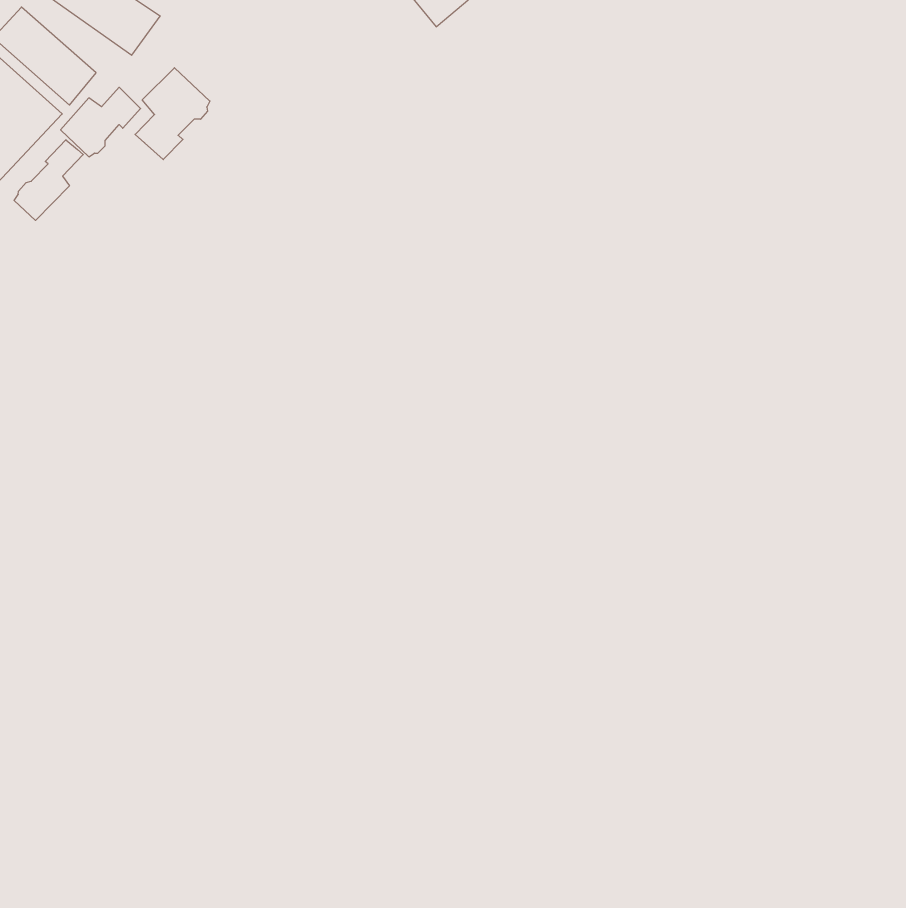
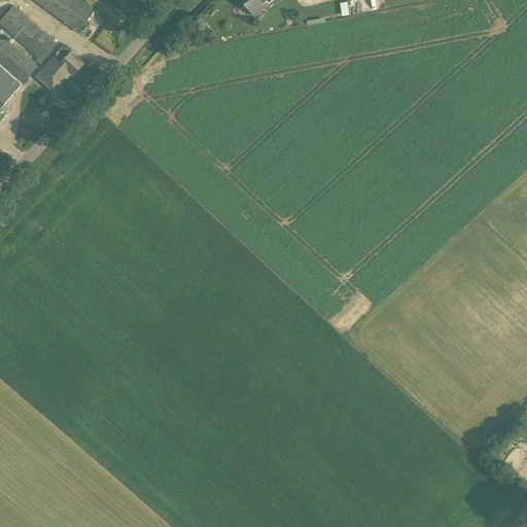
building: [135,68,210,160] -> none
building: [14,140,83,220] -> none

